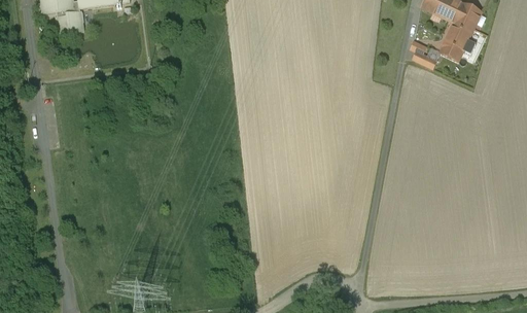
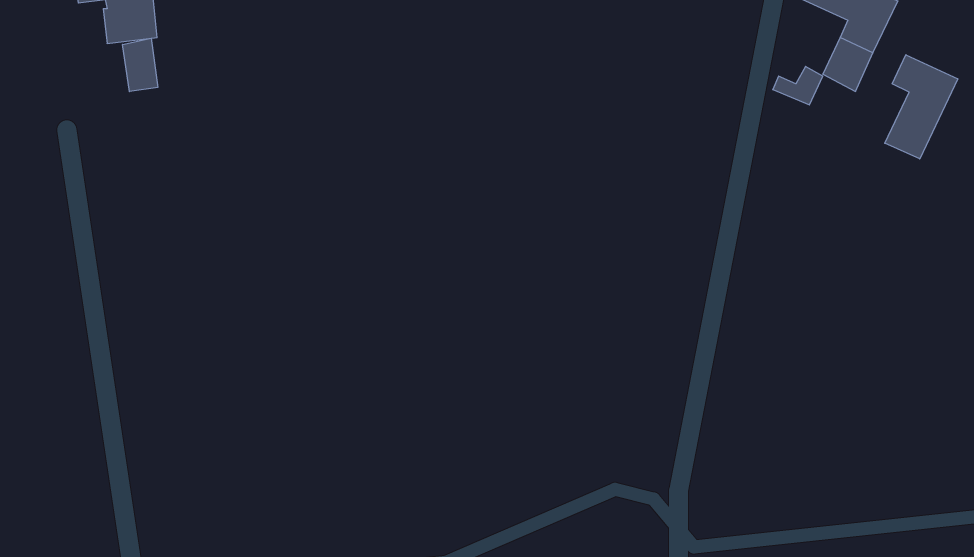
building: none -> [123,38,158,92]
building: none -> [885,55,958,159]

